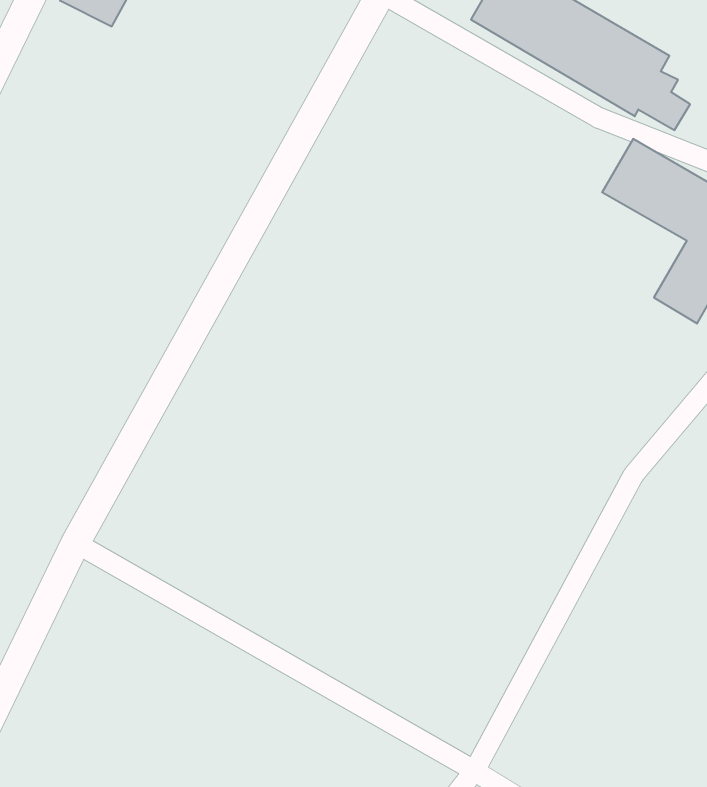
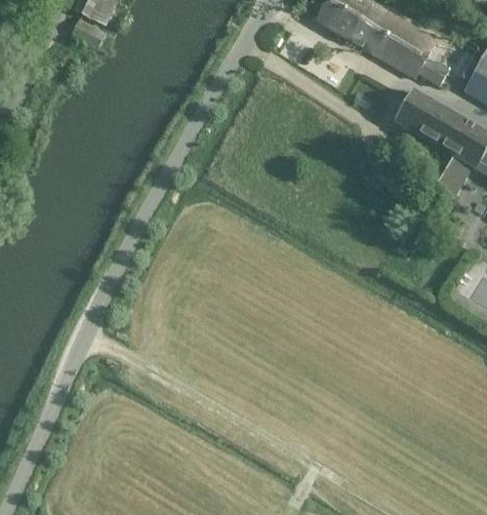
building: none -> [72,19,107,48]

